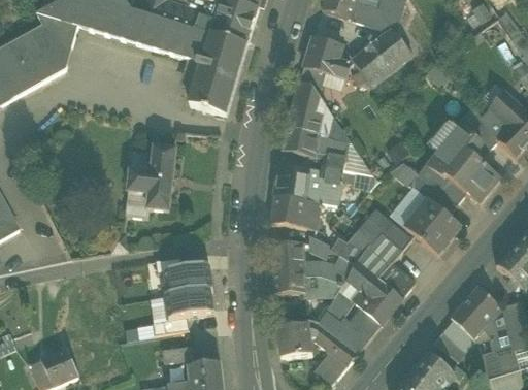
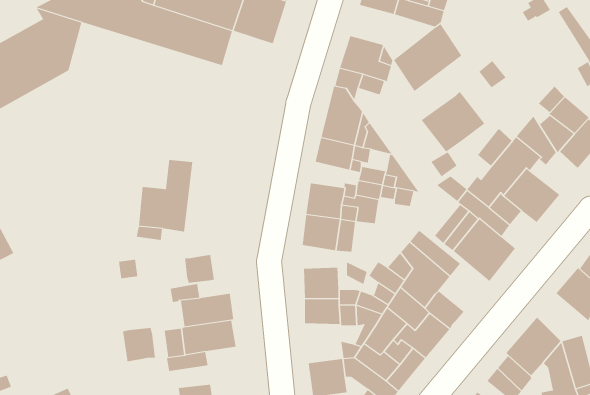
building: [189,33,246,115] -> none
building: none -> [421,91,485,152]
building: none -> [184,254,214,284]
building: none -> [123,327,155,362]

